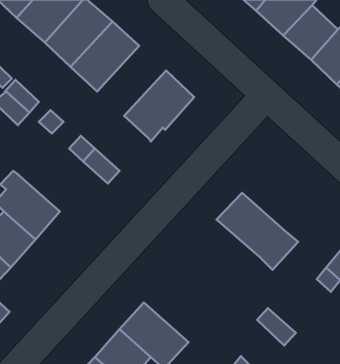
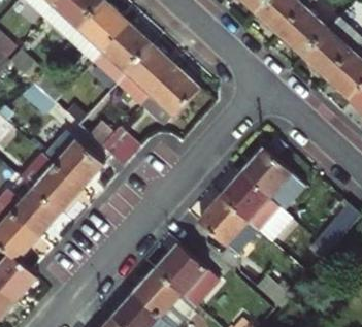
building: none -> [113,42,174,104]
building: none -> [42,131,102,189]
building: none -> [241,148,304,205]
building: none -> [197,196,257,255]
building: none -> [155,243,217,304]

